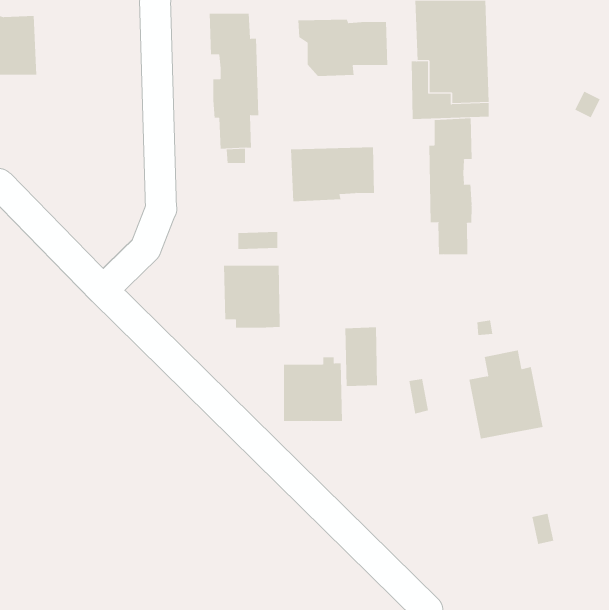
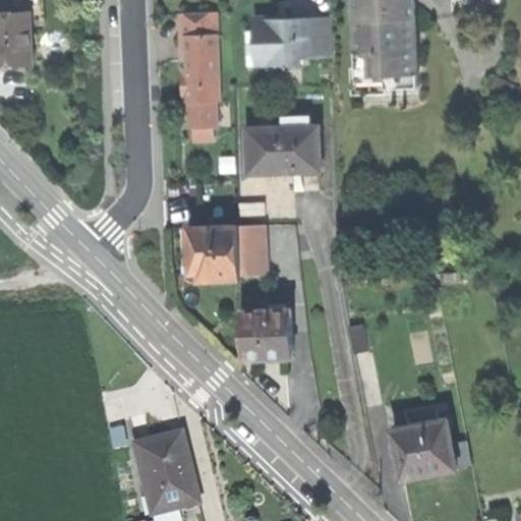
building: [429,118,472,255] -> none
building: [345,327,378,387] -> [238,225,267,276]
building: [468,350,544,439] -> [392,402,456,478]
building: none -> [135,435,198,512]

